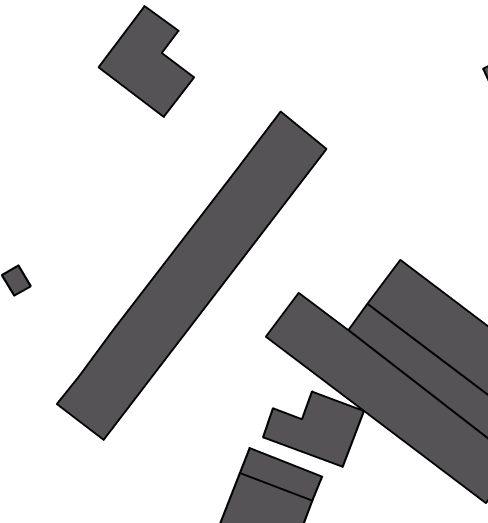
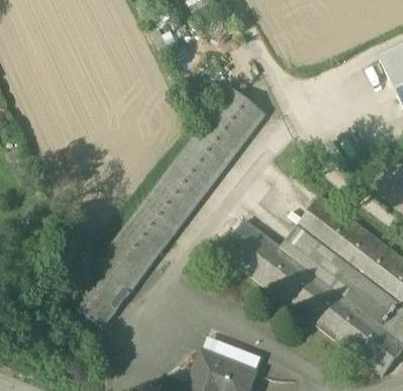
building: [99,6,194,117] -> none
building: [263,391,364,467] -> none

